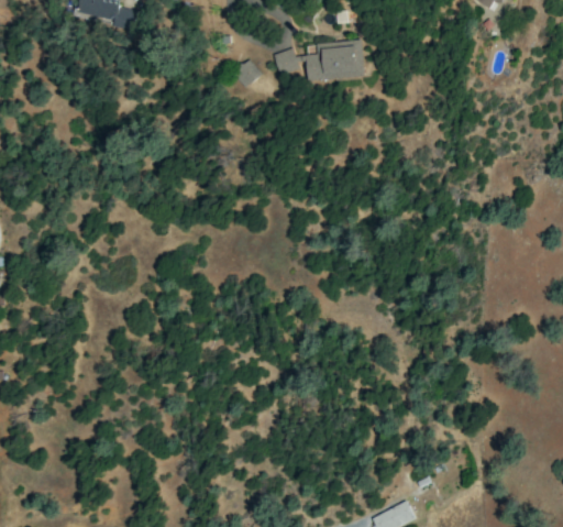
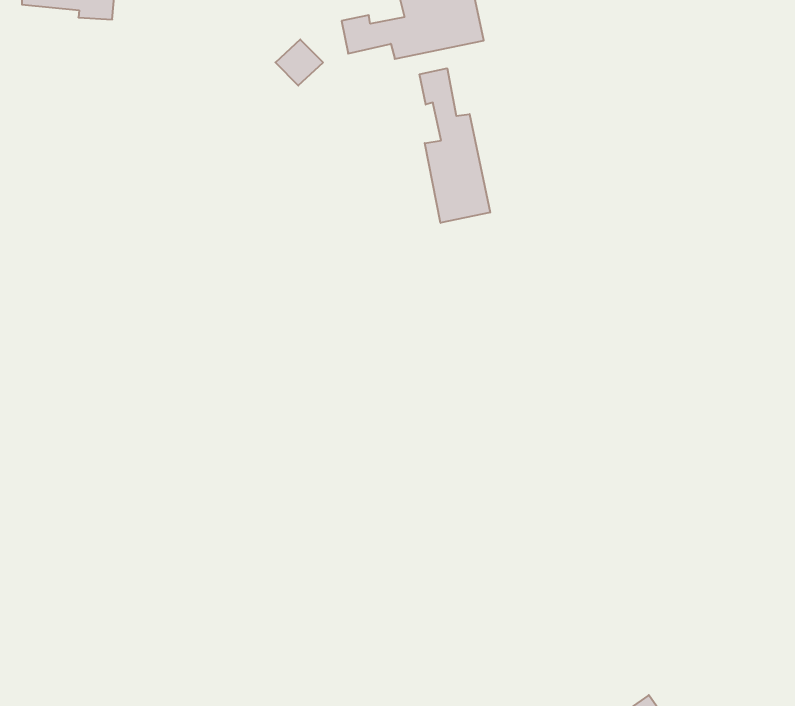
building: none -> [420,68,490,223]

